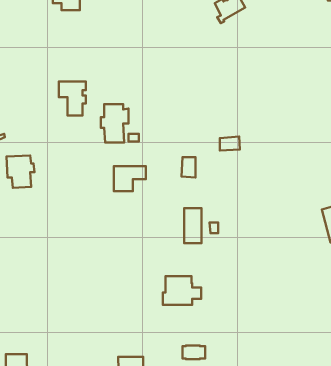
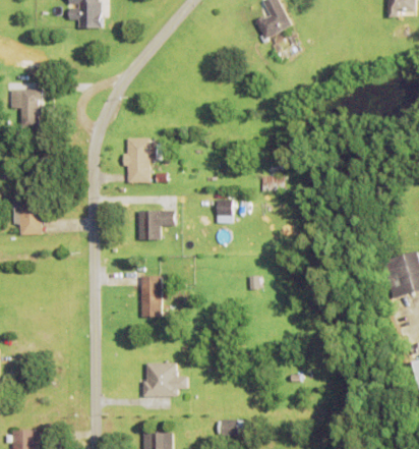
building: [59,82,86,116] -> [11,89,43,128]
building: [184,208,201,243] -> [141,276,162,317]
building: [163,276,201,305] -> [142,362,187,396]

